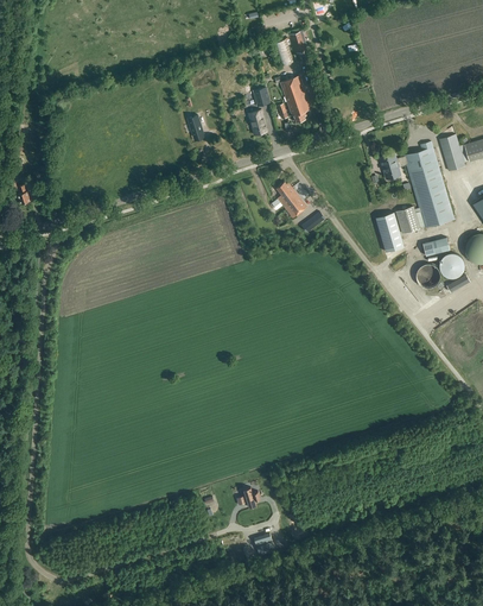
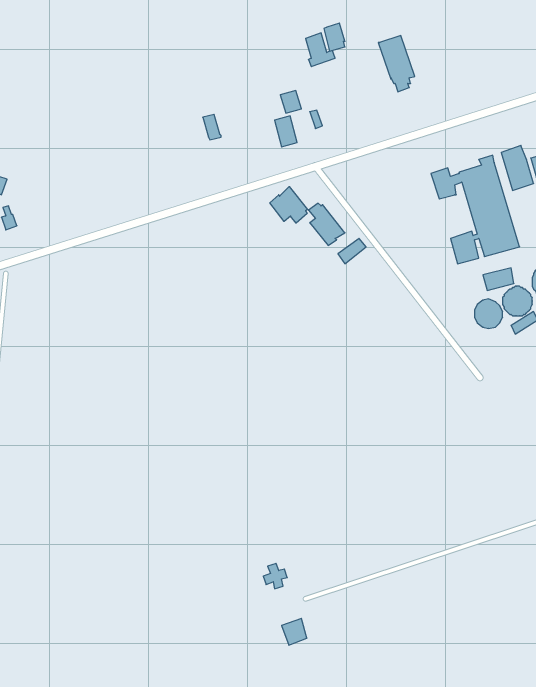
building: [280,76,311,124] -> [378,36,415,92]
building: none -> [270,187,307,223]
building: [376,213,405,253] -> none

